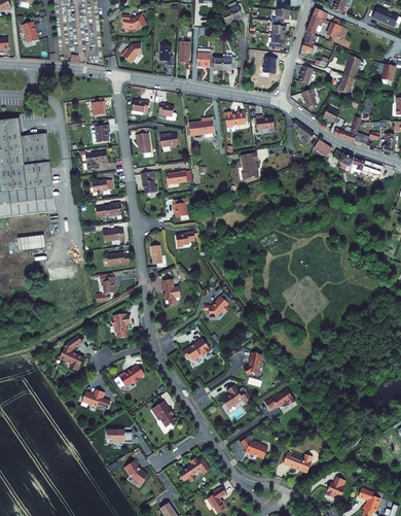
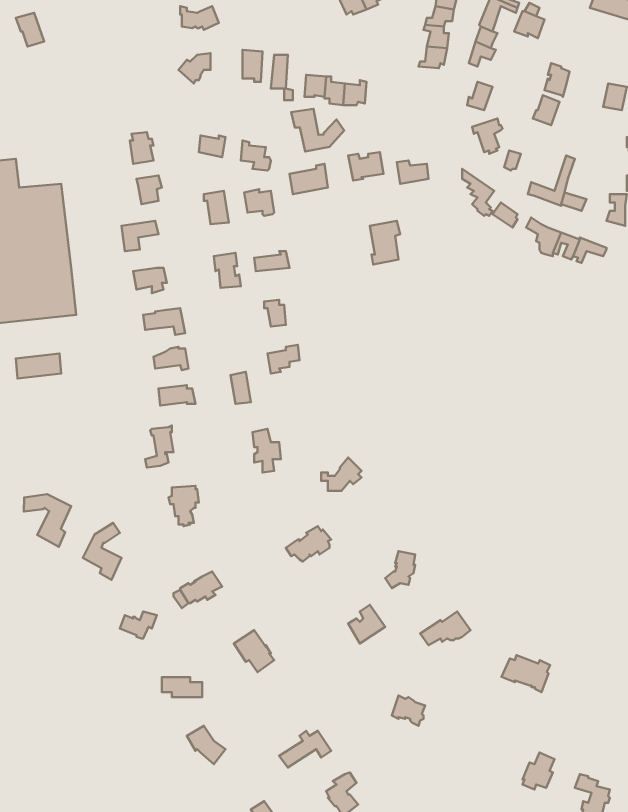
building: none -> [291,109,344,152]
building: none -> [24,494,71,547]
building: [287,452,317,475] -> [501,655,550,692]

